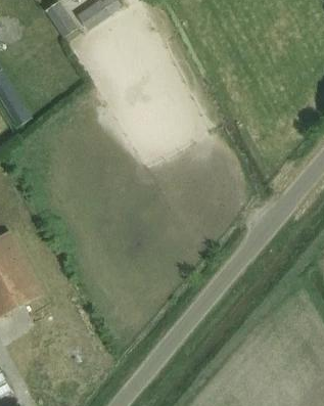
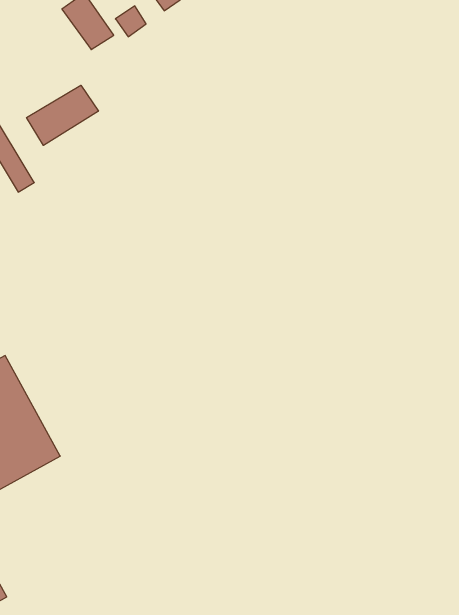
building: none -> [27,85,98,145]

